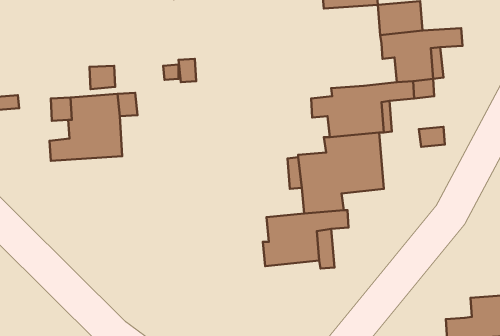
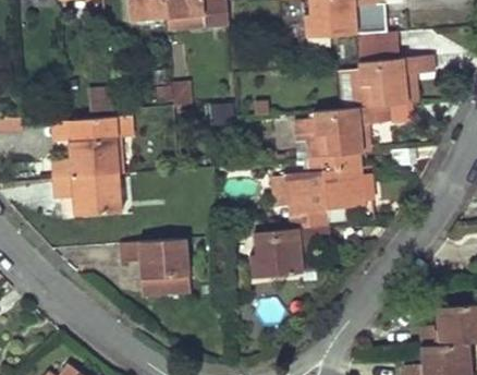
building: none -> [340,70,374,109]
building: none -> [52,174,122,215]
building: none -> [120,239,189,297]

